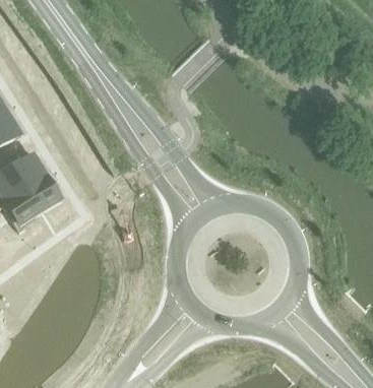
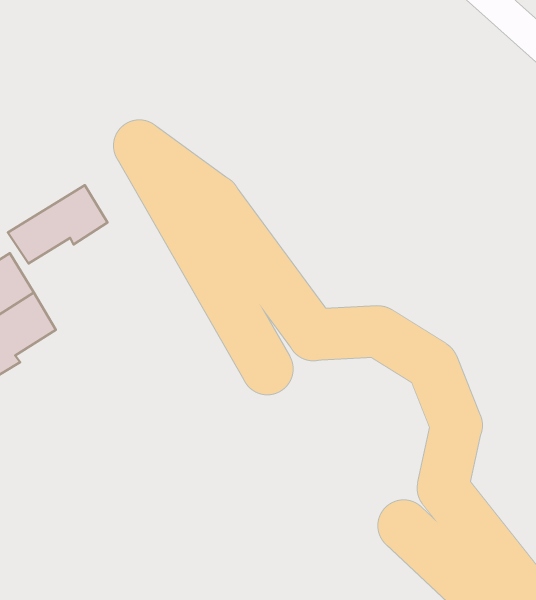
building: none -> [8,185,107,264]

